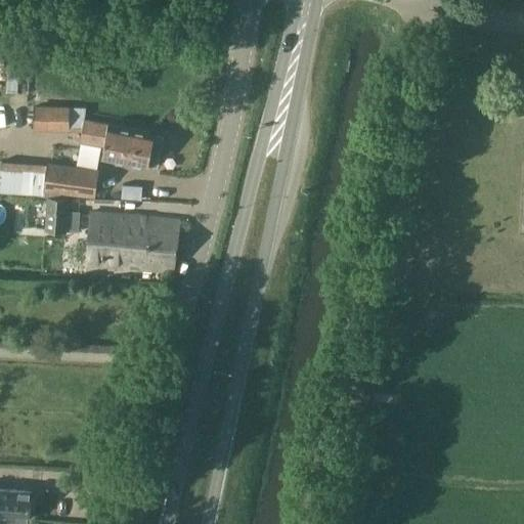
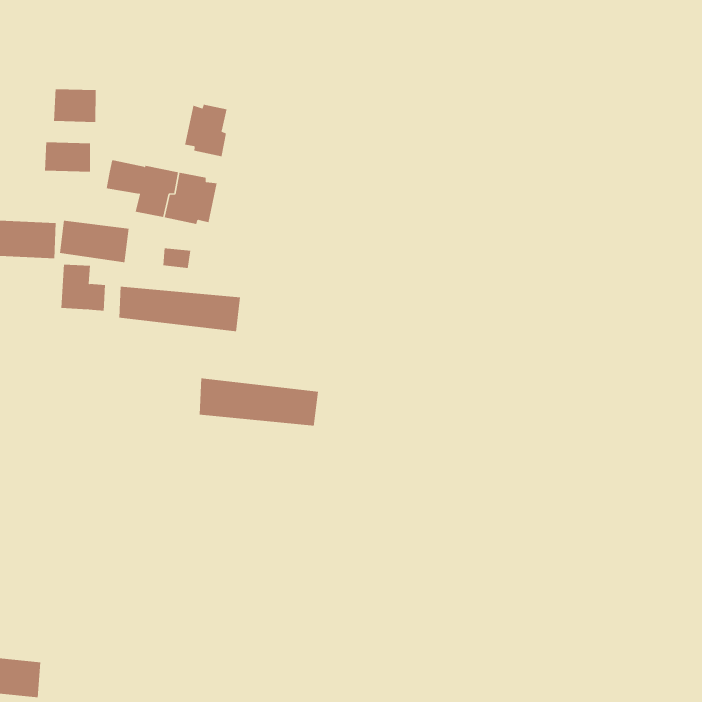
building: none -> [53,88,96,123]
building: none -> [185,104,227,157]
building: [87,237,176,273] -> [199,378,319,426]

